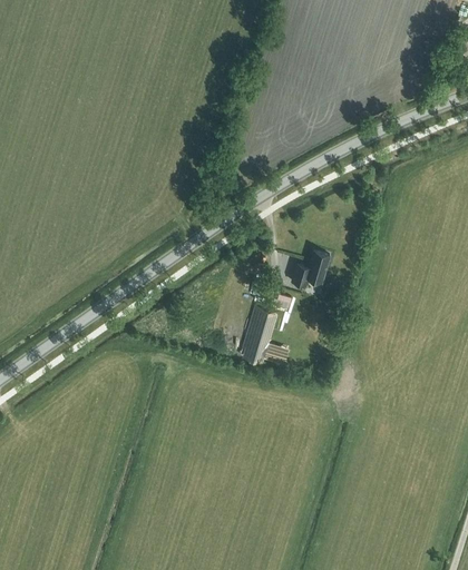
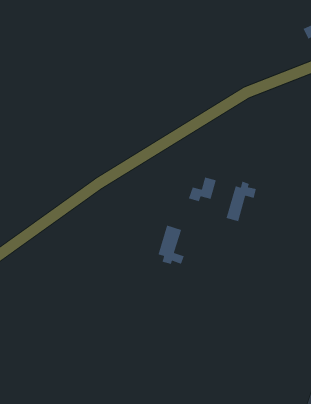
building: none -> [226,181,257,222]

